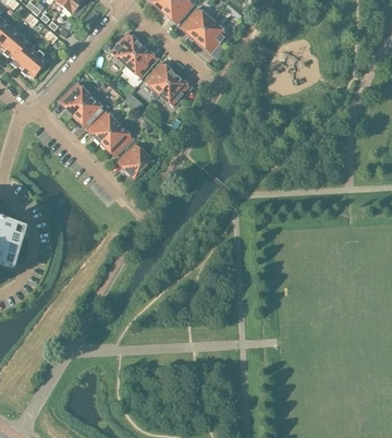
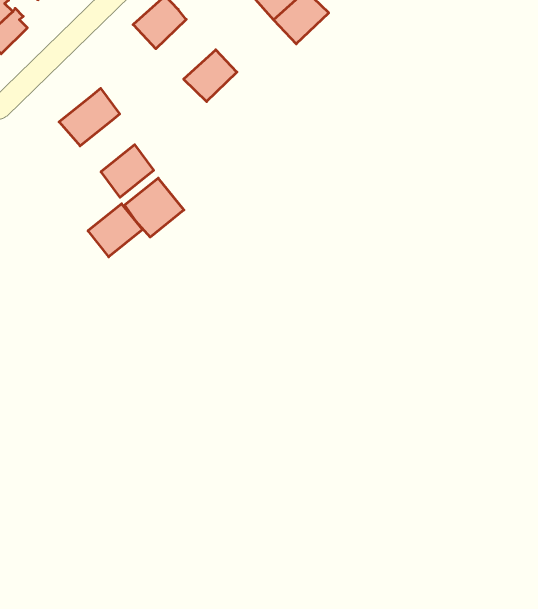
building: [125,45,157,77] -> none
building: [159,73,191,106] -> none
building: [59,82,90,114] -> none
building: [86,109,119,142] -> [88,204,142,257]

